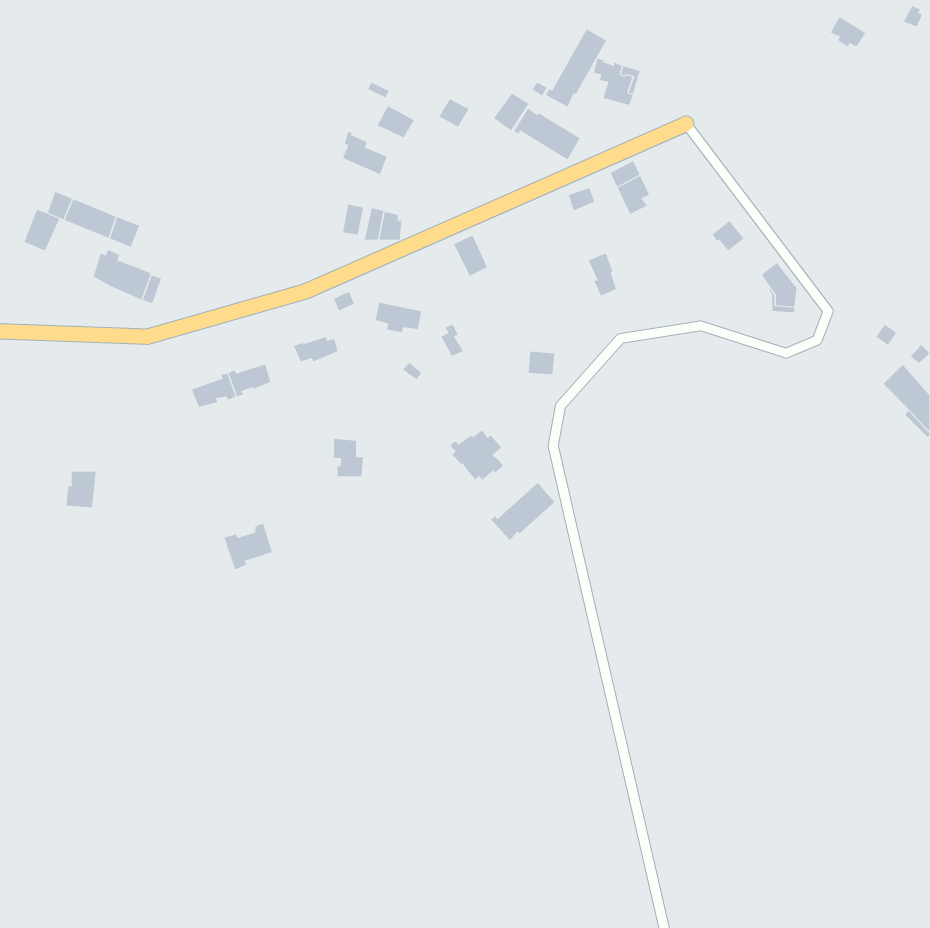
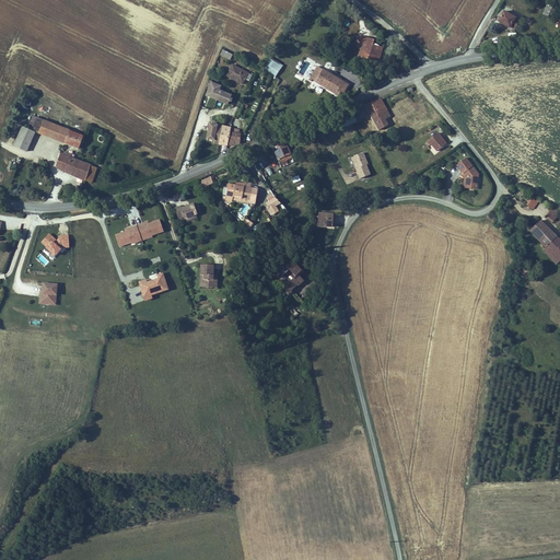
building: [545,28,607,107] -> none
building: none -> [42,233,69,259]
building: [490,482,555,541] -> none
building: [224,523,273,570] -> [139,272,168,301]

